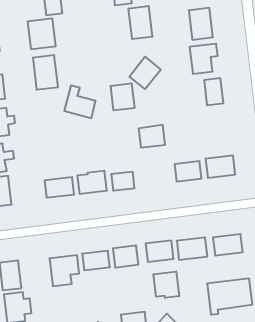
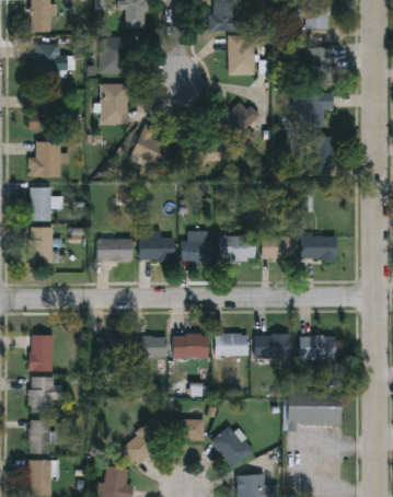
building: [139,125,165,148] -> [226,235,256,261]
building: [153,271,179,298] -> none

